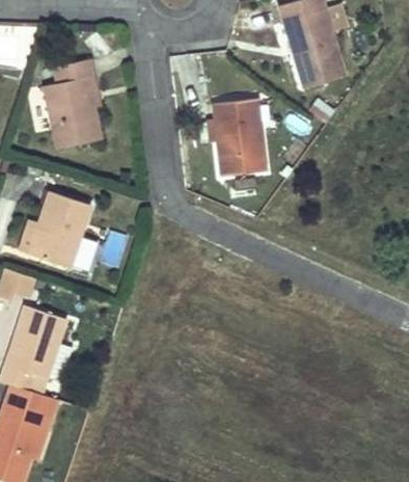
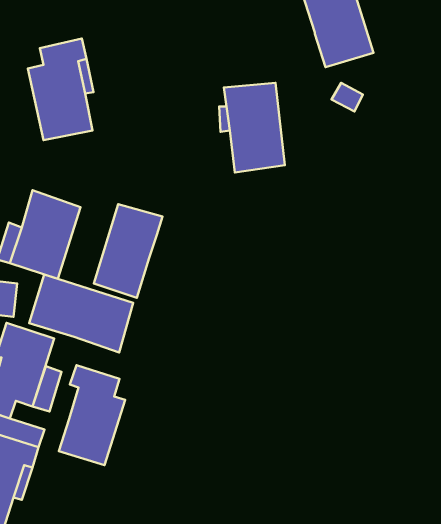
building: none -> [94,204,163,298]
building: none -> [29,274,133,352]
building: none -> [59,365,125,465]

